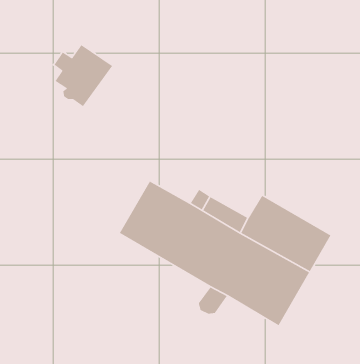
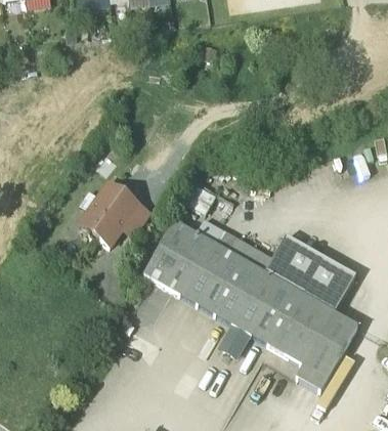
building: [53,44,113,107] -> [80,184,139,247]
building: none -> [297,309,358,387]

